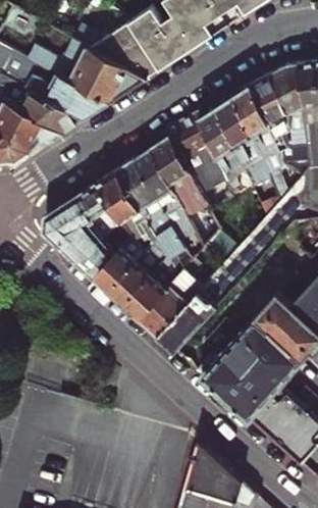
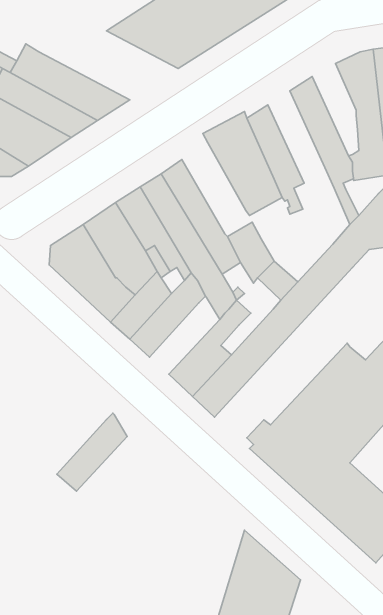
building: [25,39,145,102] -> none
building: [250,73,286,146] -> none
building: [215,95,267,182] -> none
building: [148,136,198,207] -> none
building: [122,256,177,317] -> [57,413,127,491]

